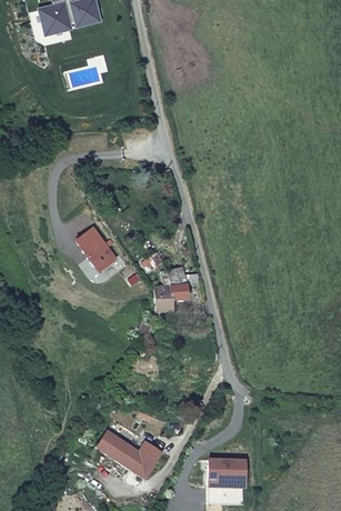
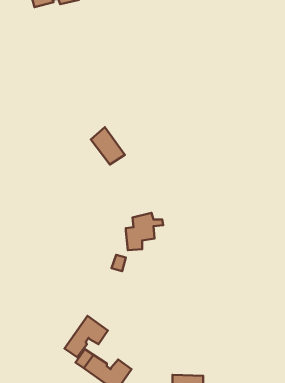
building: [78,227,118,270] -> [91,127,125,164]
building: none -> [64,316,108,357]

